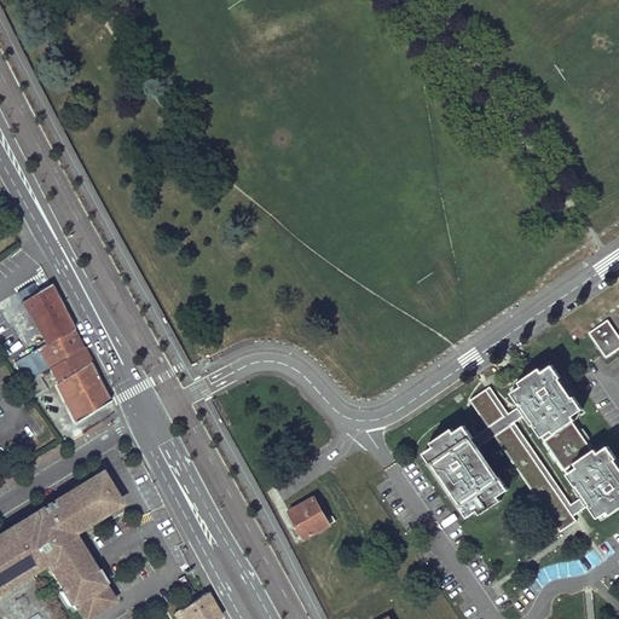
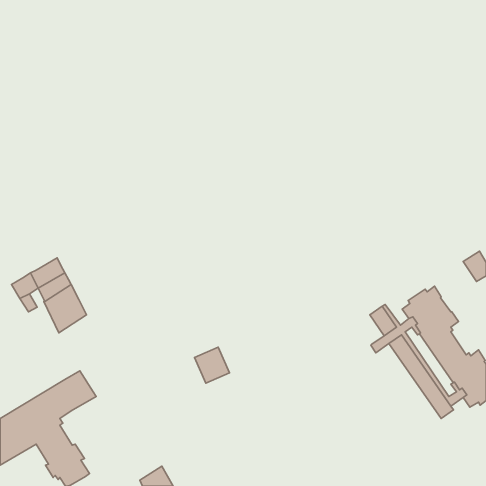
building: [22,283,73,343] -> none
building: [423,426,509,517] -> none
building: [287,492,331,538] -> [194,347,230,383]

